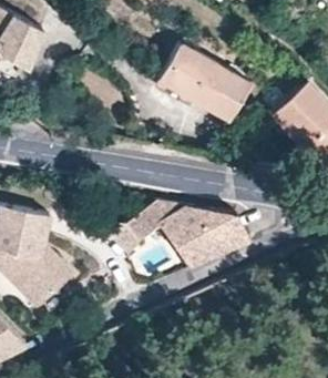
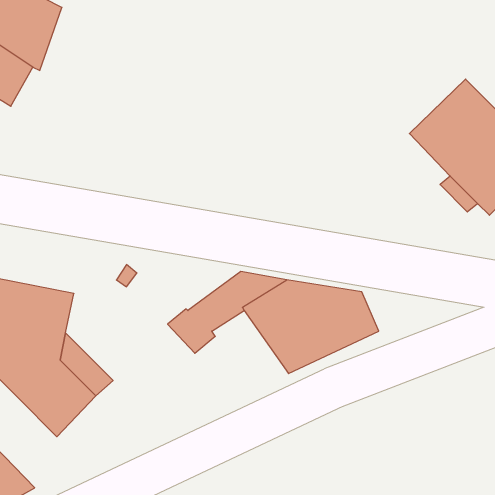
building: [158,42,249,120] -> none

